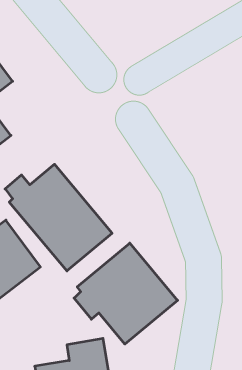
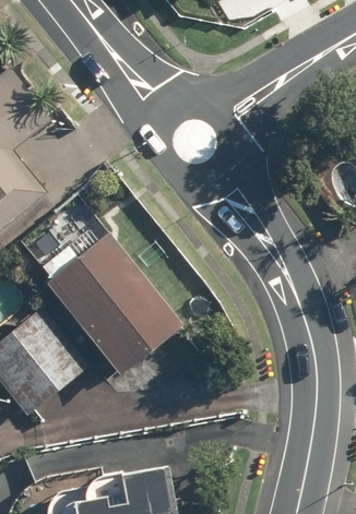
building: [74,243,178,344] -> none

